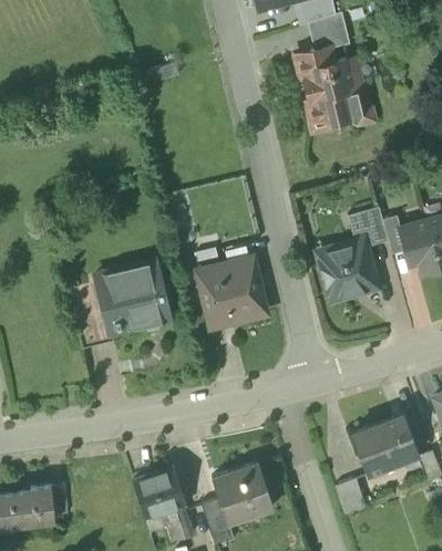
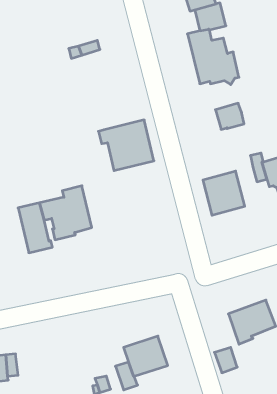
building: [348,207,387,242] -> [215,103,244,129]
building: [191,259,266,328] -> [98,120,154,171]
building: [133,470,184,530] -> none

